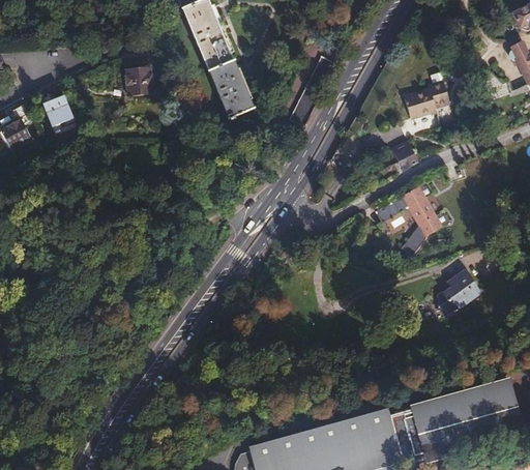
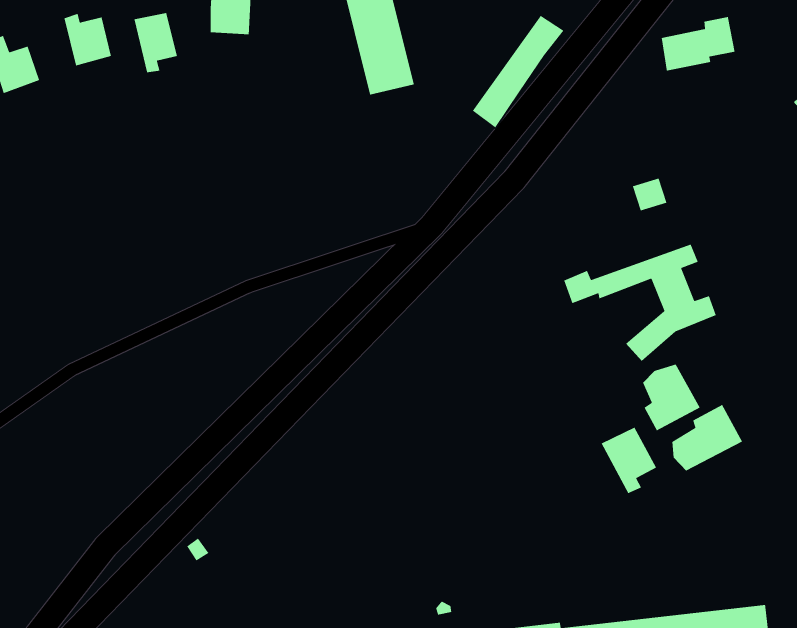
building: [405,80,450,118] -> [661,16,735,72]
building: none -> [133,12,178,73]
building: none -> [642,363,701,432]
building: none -> [600,426,657,494]

